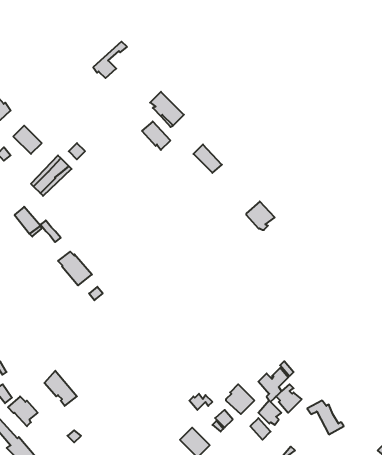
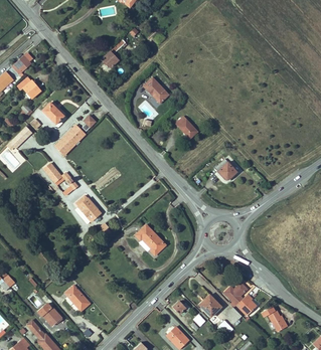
building: none -> [135,224,166,255]

